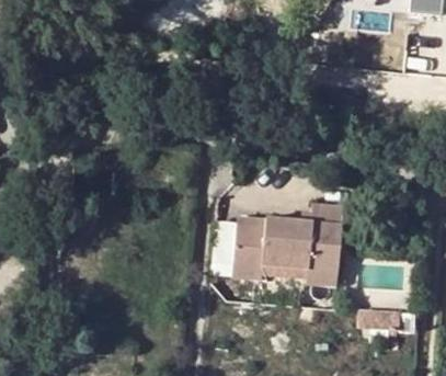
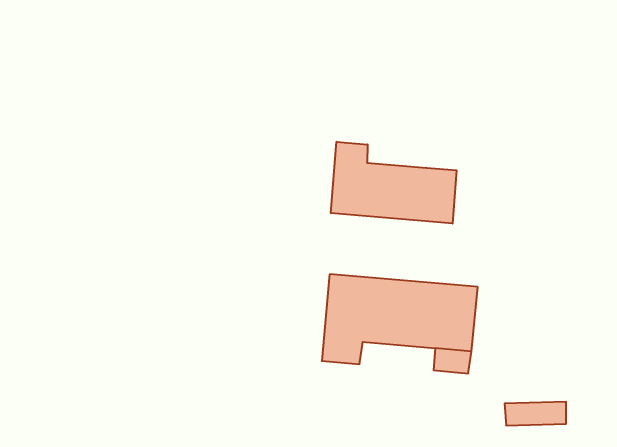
building: none -> [331,142,456,224]

